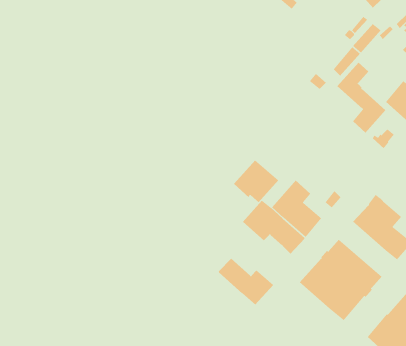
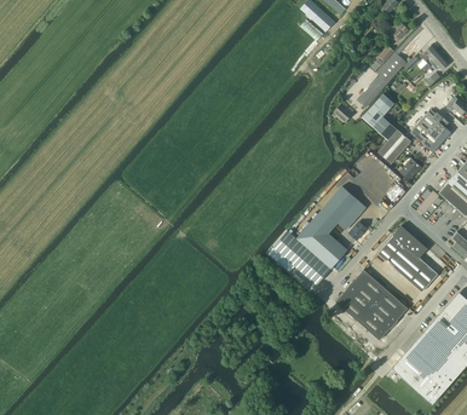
building: [233,159,279,203] -> [322,185,368,229]
building: [218,258,274,305] -> none

